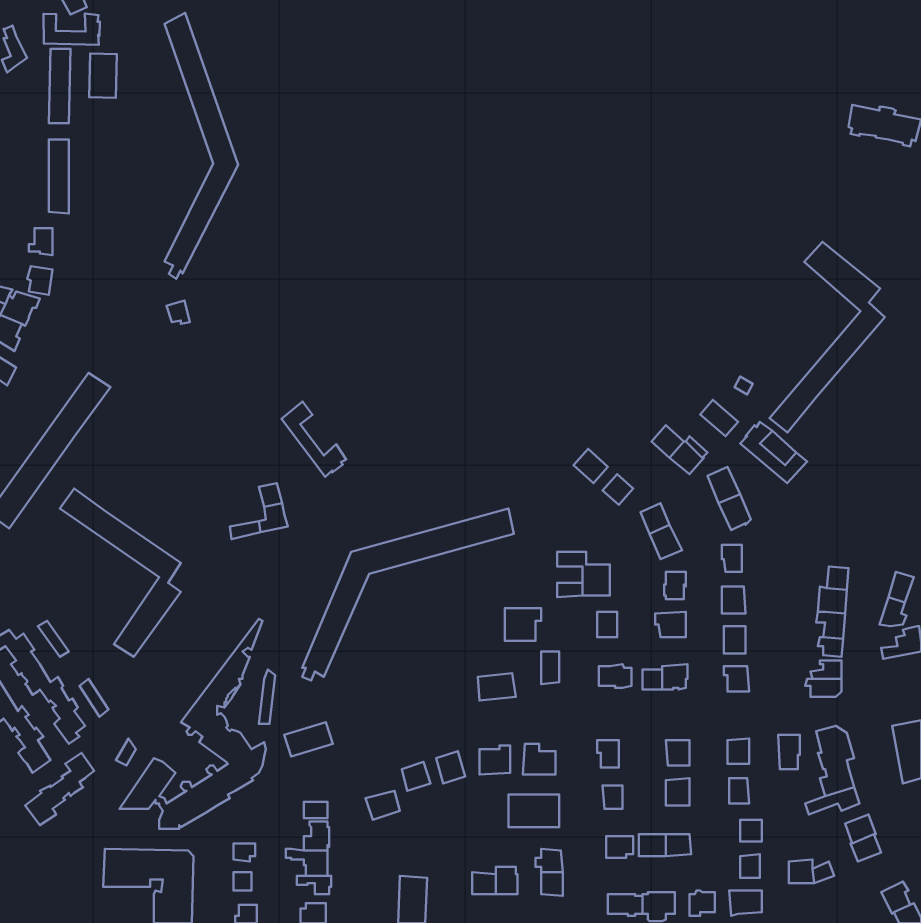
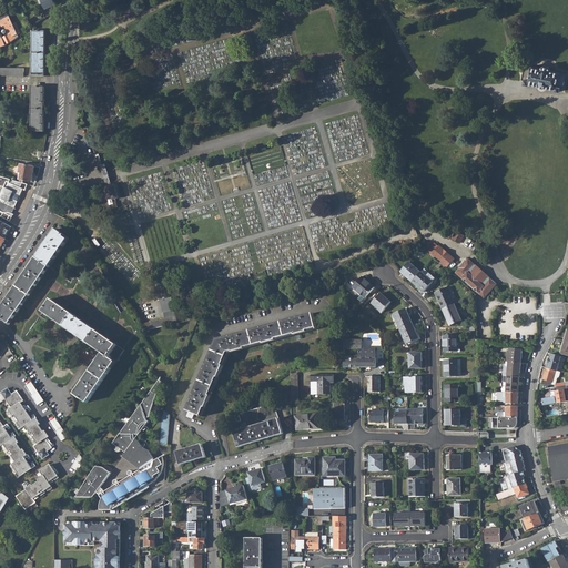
building: [165,13,238,279] -> none
building: [44,14,100,45] -> none
building: [89,54,117,98] -> none
building: [770,242,885,432] -> none
building: [282,401,346,477] -> none
building: none -> [227,417,280,446]

